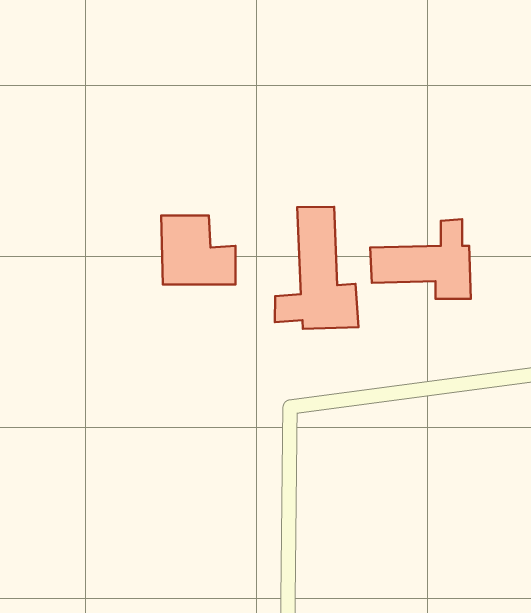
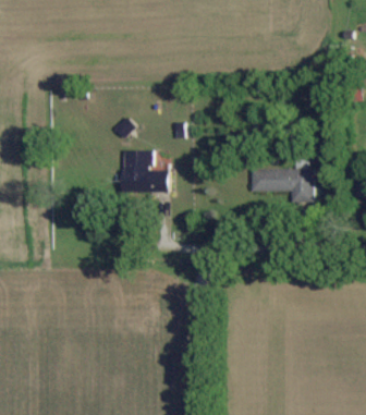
building: [275,207,358,329] -> none

